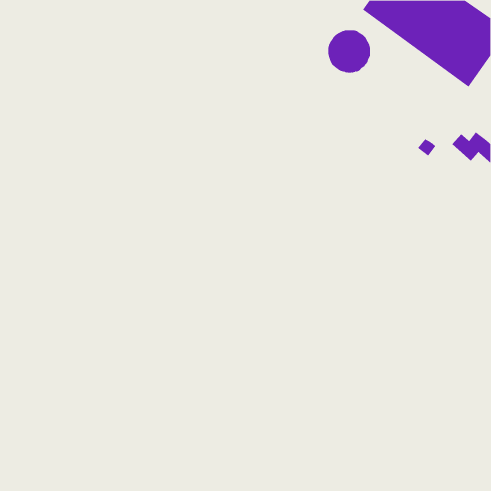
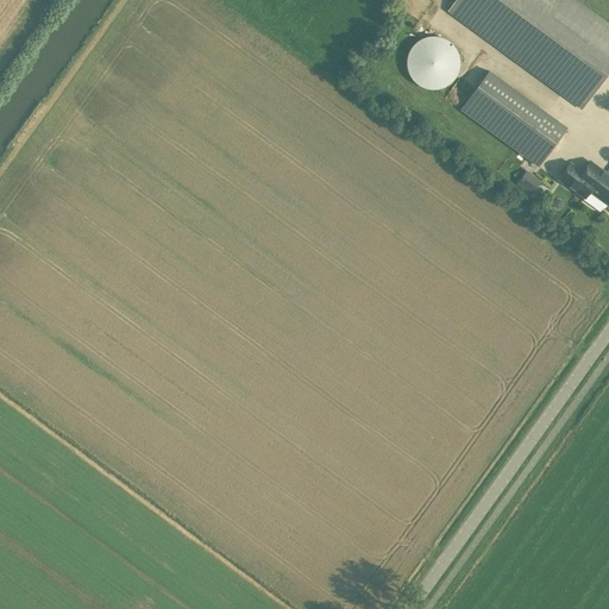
building: none -> [460,71,566,167]

